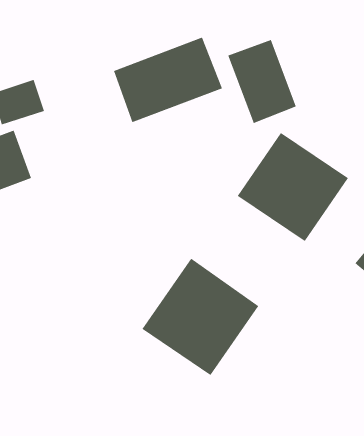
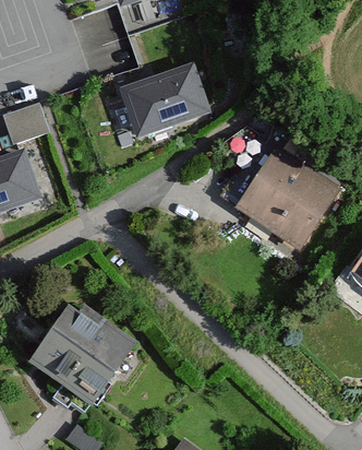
building: [228,39,296,124] -> none
building: [141,258,259,376] -> [22,296,131,405]

